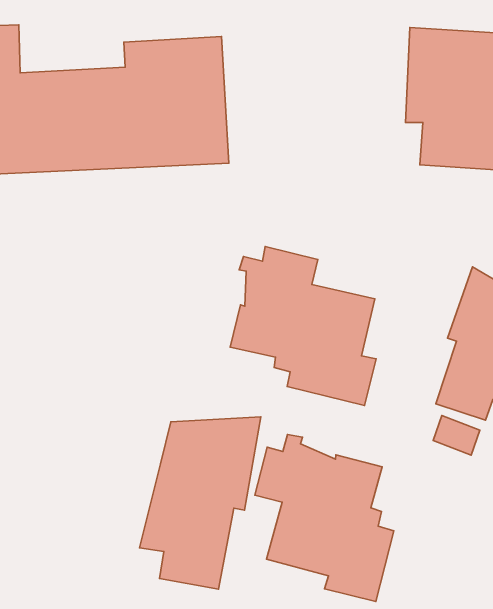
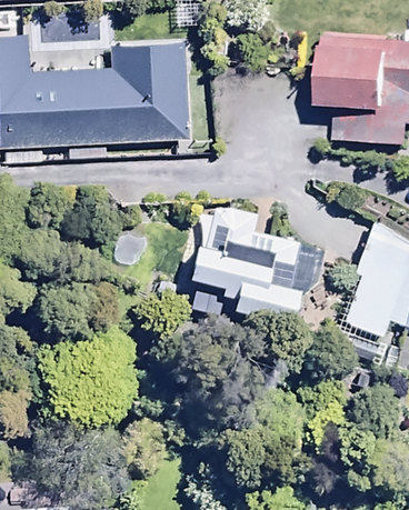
building: [139,417,261,589] -> none
building: [255,434,394,602] -> none

